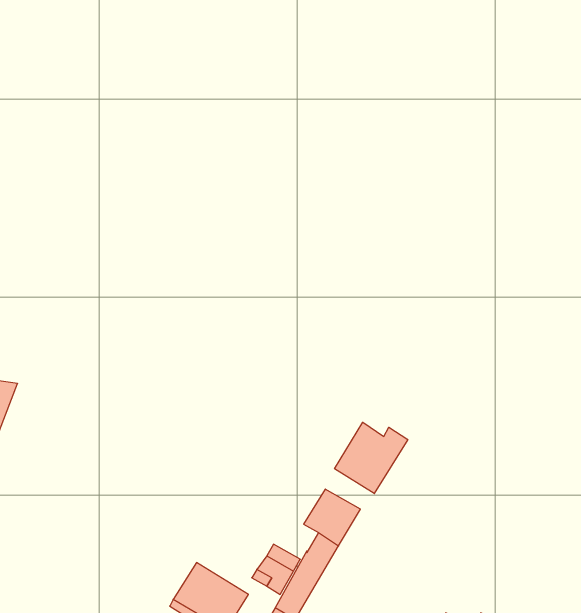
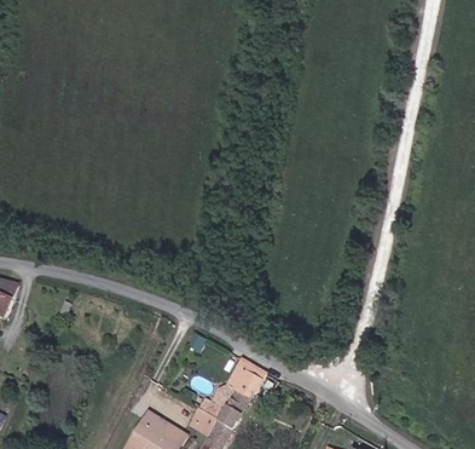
building: [335,422,408,494] -> none

